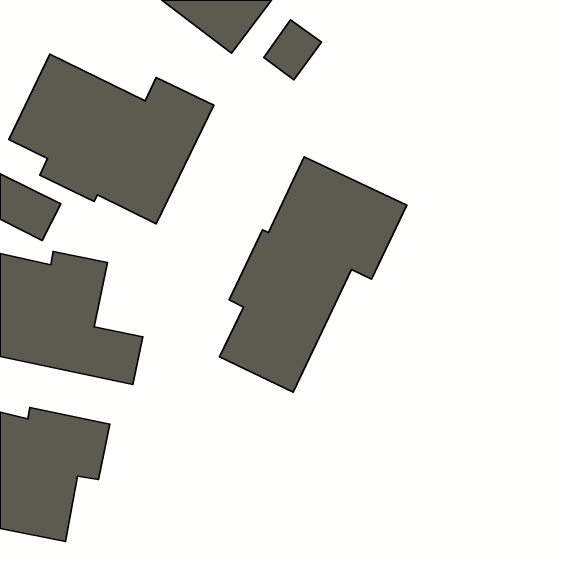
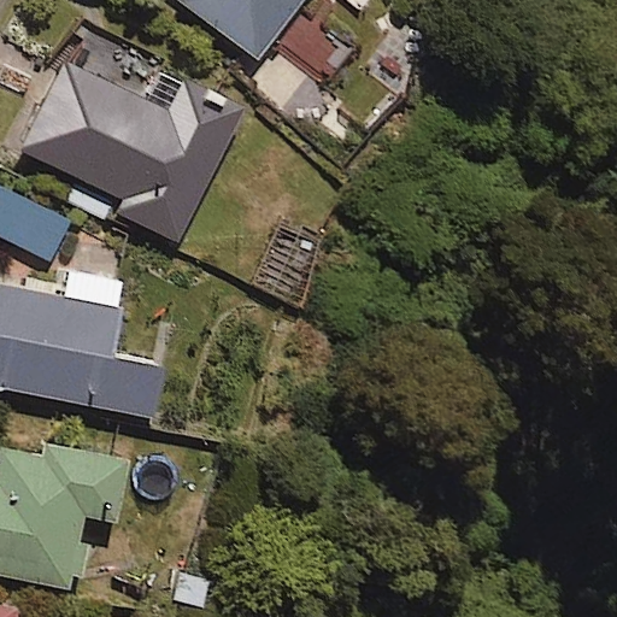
building: [220,157,407,392] -> none

